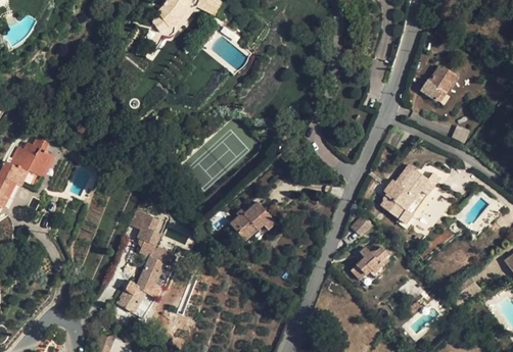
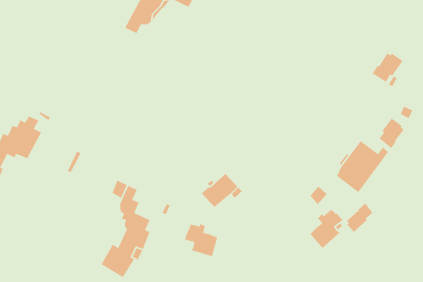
building: none -> [378,117,404,149]
building: none -> [346,202,374,233]
building: none -> [184,223,218,257]

